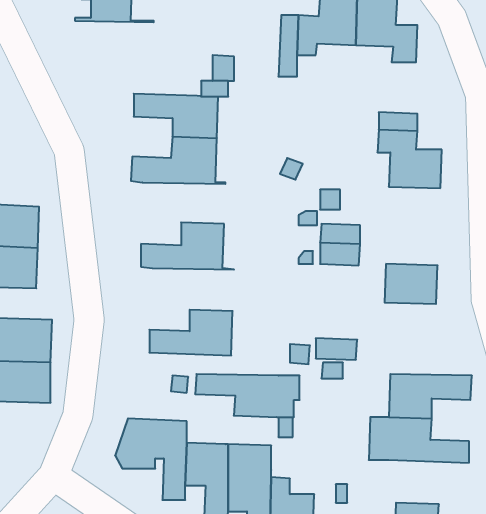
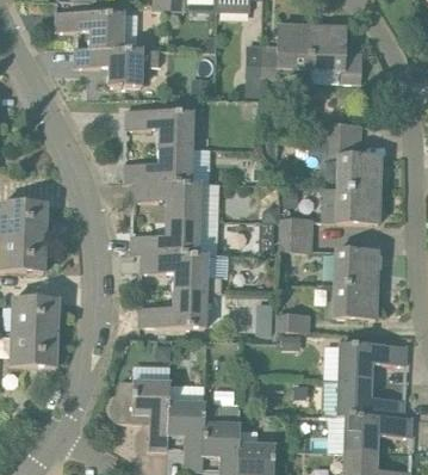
building: none -> [75,48,160,86]
building: none -> [132,183,201,217]
building: none -> [336,186,380,223]
building: none -> [333,283,377,317]
building: [195,374,300,417] -> [139,254,227,290]
building: none -> [337,414,413,451]

